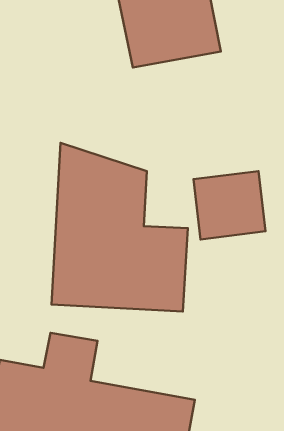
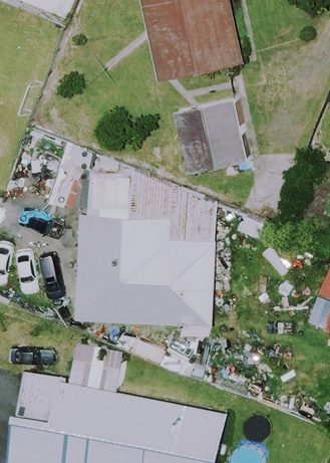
building: [193,171,266,239] -> [173,102,245,171]

